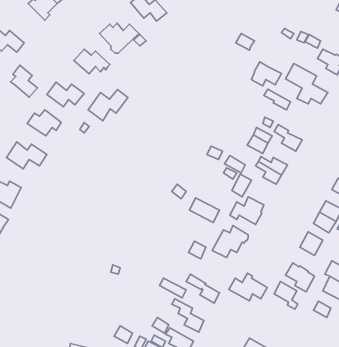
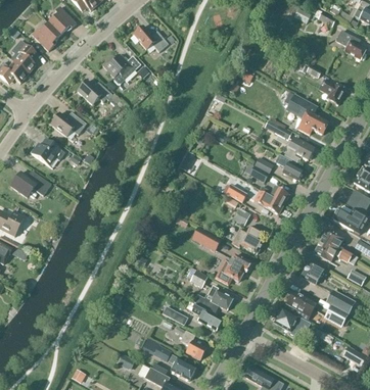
building: [251,62,281,86] -> [284,138,314,161]
building: [11,65,37,97] -> [9,42,36,74]
building: [88,89,128,121] -> none
building: [229,273,267,301] -> [194,285,232,312]

